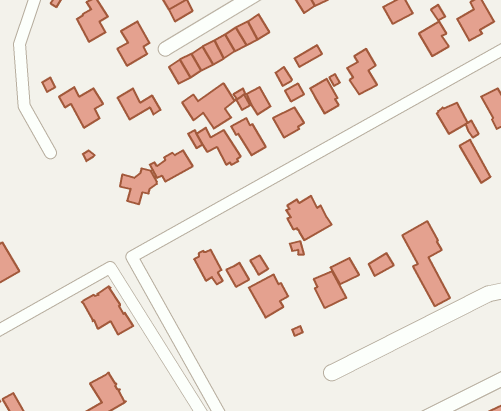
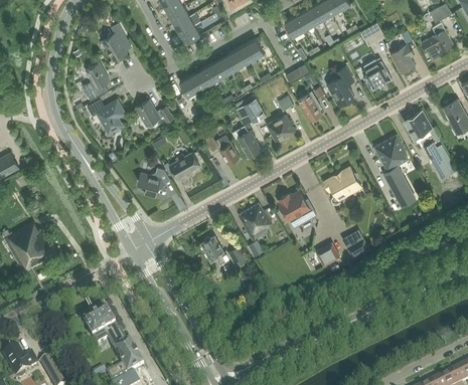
building: [117,21,150,66] -> [83,62,110,100]
building: none -> [363,57,393,88]
building: [182,83,235,129] -> none
building: none -> [324,167,362,199]
building: [402,221,450,306] -> [375,135,416,206]
building: [314,271,346,308] -> none
building: [249,275,288,318] -> [239,204,272,240]
building: [82,287,133,334] -> [84,308,127,348]

